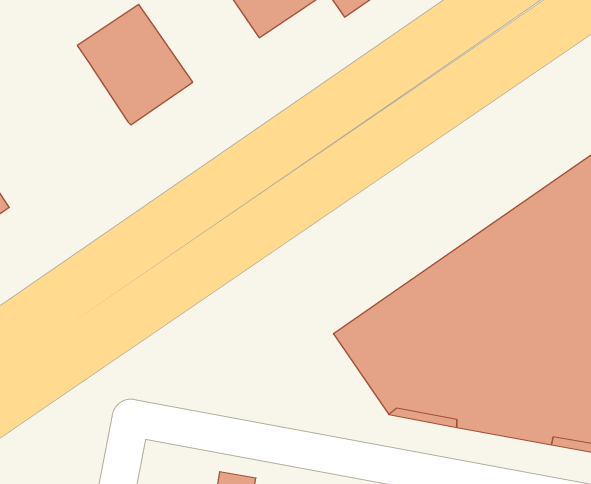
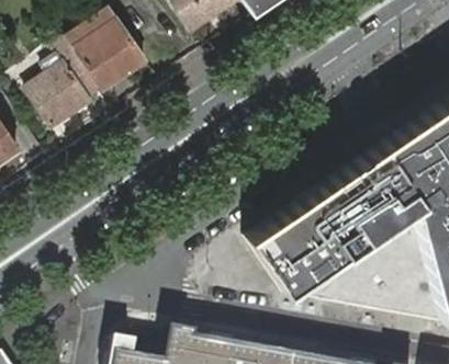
building: none -> [26,34,103,125]

